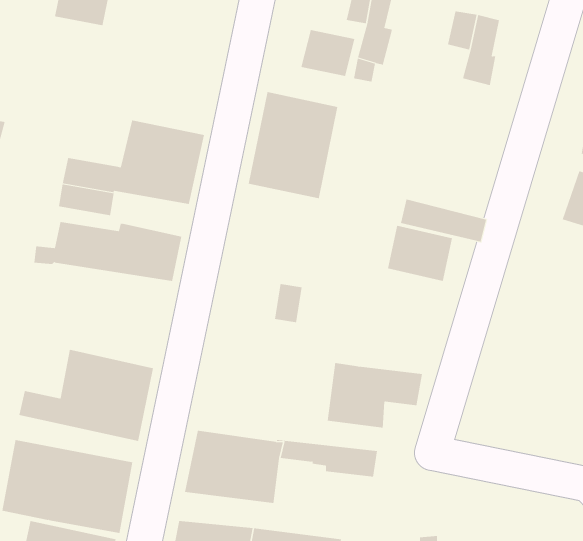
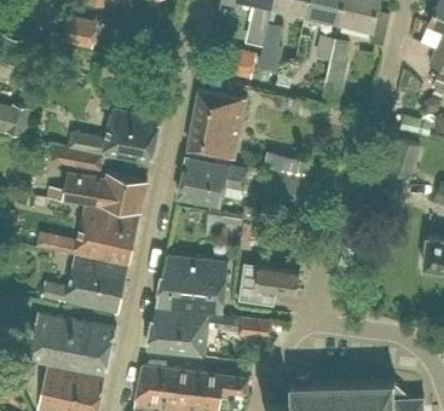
building: none -> [175,156,246,205]
building: none -> [71,207,137,264]
building: none -> [154,253,227,312]

